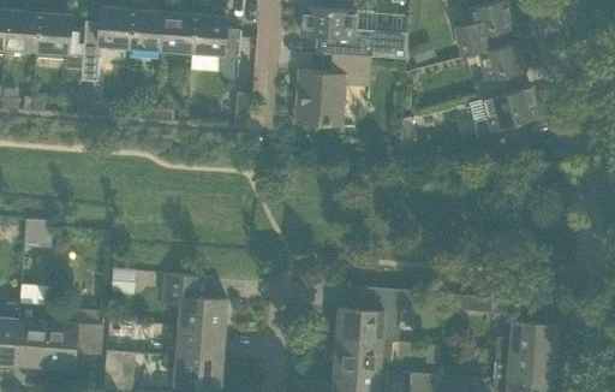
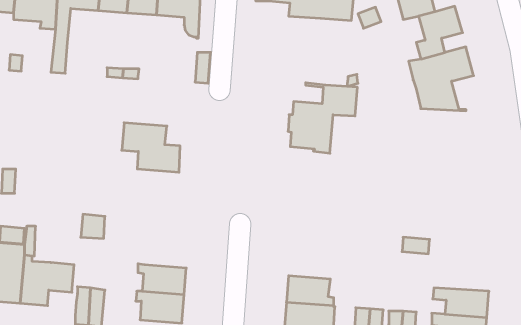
building: [295,51,371,127] -> [288,83,357,153]
building: [162,274,226,328] -> [122,123,180,172]
building: [336,291,413,341] -> none
building: [495,320,557,354] -> none

